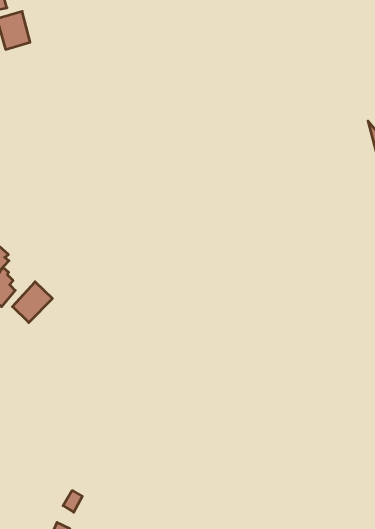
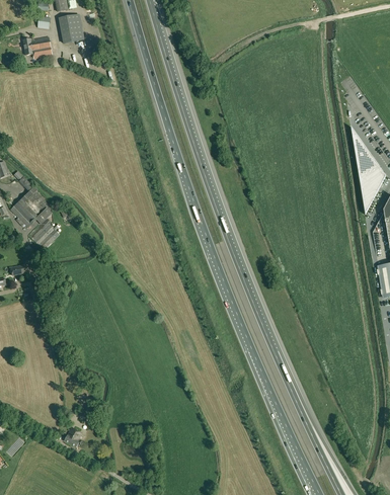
building: [12,282,52,323] -> none

